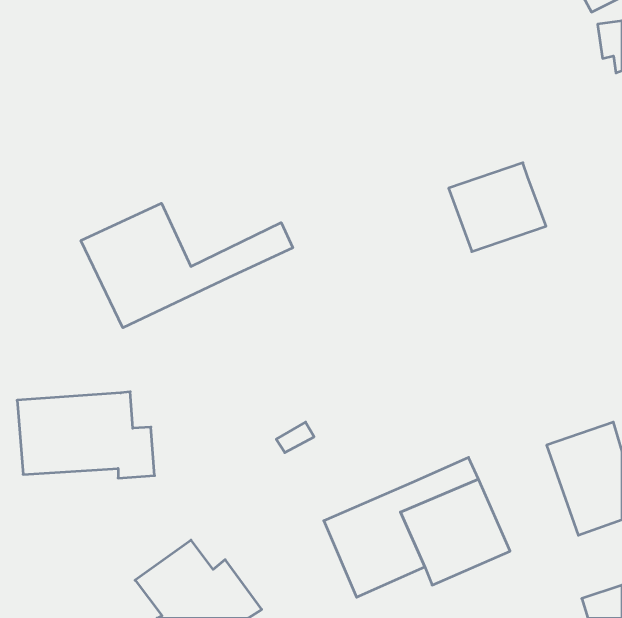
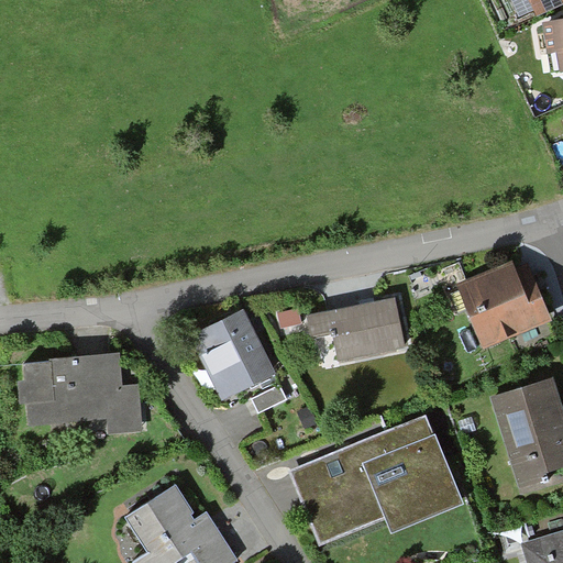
building: [449,163,546,252] -> [459,266,547,346]
building: [81,203,293,328] -> none
building: none -> [307,300,404,362]
building: none -> [195,310,273,391]

